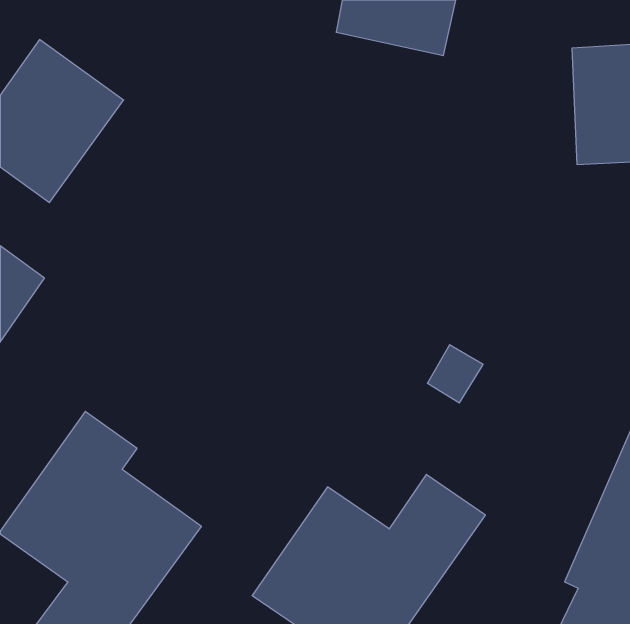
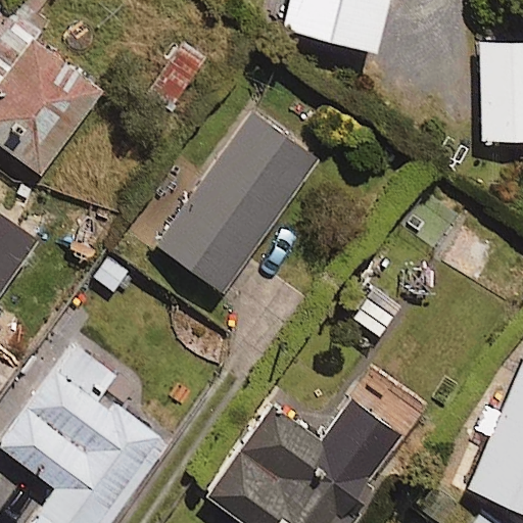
building: none -> [150,108,319,292]

